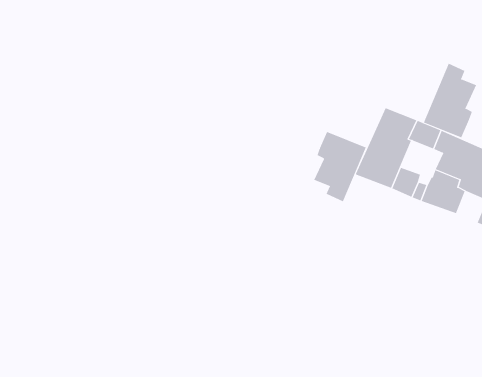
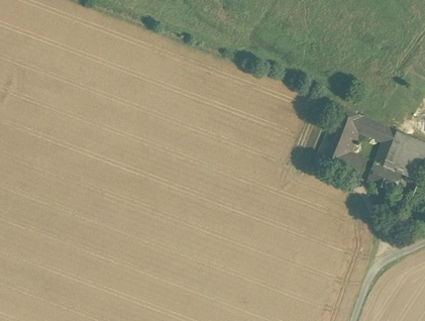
building: [423,63,477,138] -> none
building: [314,131,366,202] -> none

